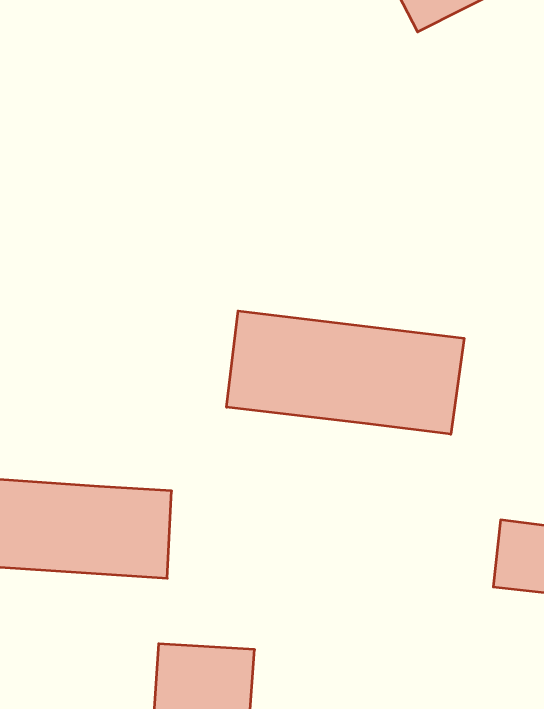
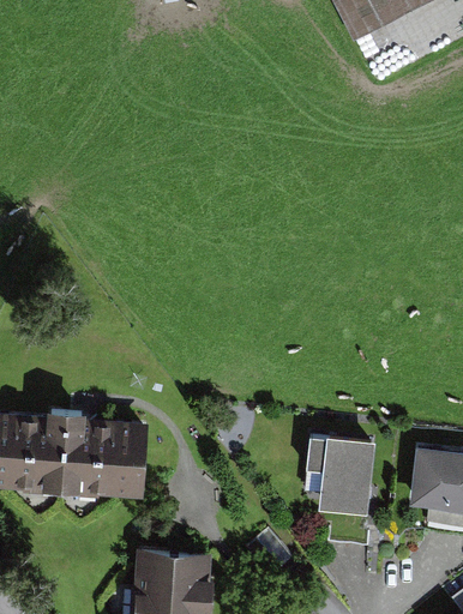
building: [227,311,464,434] -> none
building: none -> [300,435,378,514]

